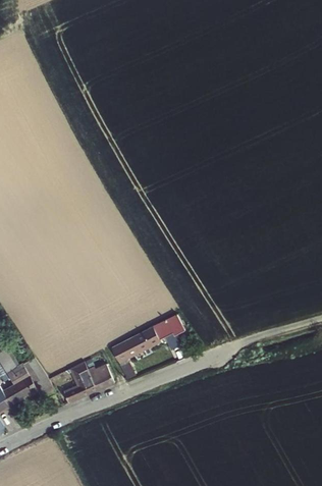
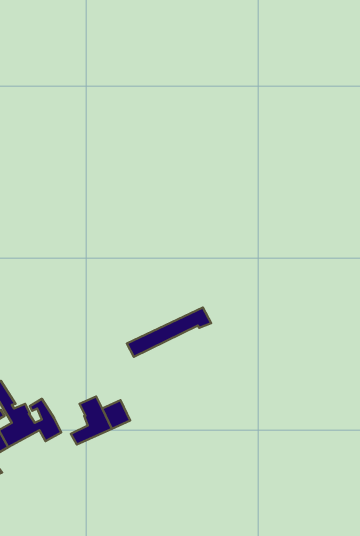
building: [110,319,181,361] -> [127,307,211,357]

